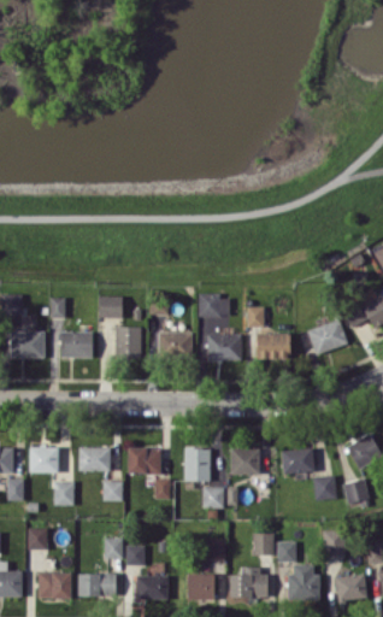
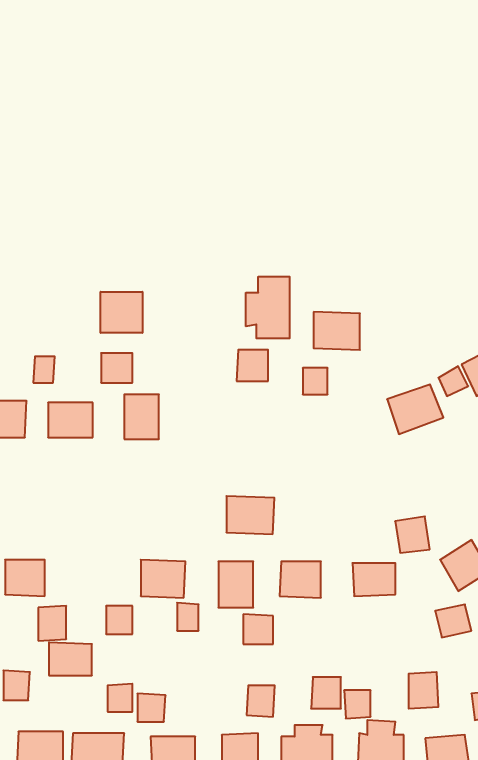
building: none -> [246,277,290,338]
building: none -> [101,292,142,333]
building: [158,333,192,357] -> none
building: [257,333,290,360] -> [314,312,360,350]
building: [207,334,242,362] -> [226,496,274,534]
building: [78,447,110,471] -> [49,642,92,675]
building: [312,475,337,501] -> [395,516,430,553]

